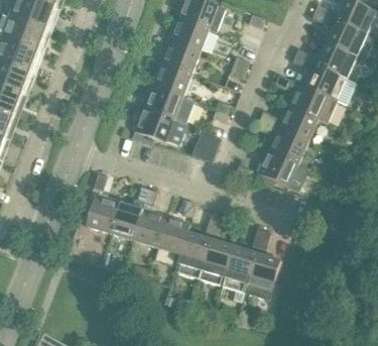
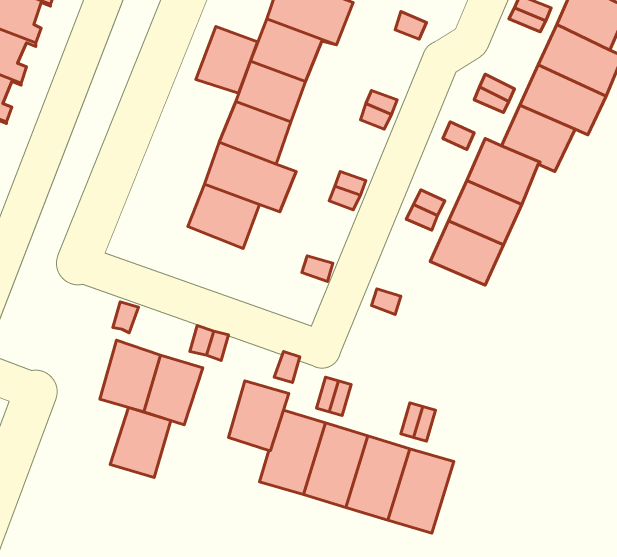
building: none -> [196,27,257,93]
building: [258,149,298,186] -> none
building: [133,208,166,246] -> [110,408,171,477]

